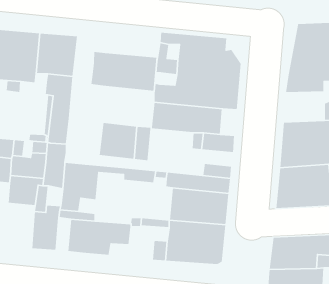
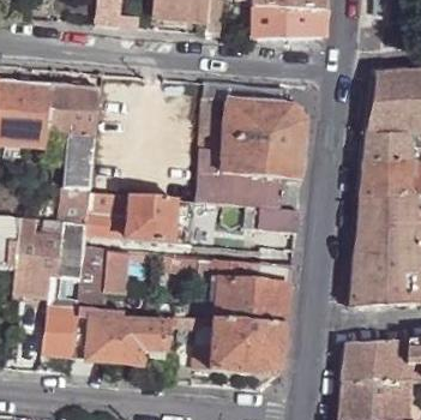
building: [91,51,157,92] -> none
building: none -> [359,157,410,196]
building: none -> [85,191,131,238]

